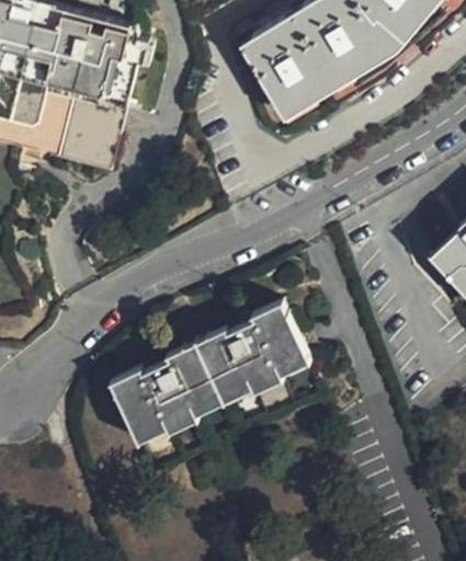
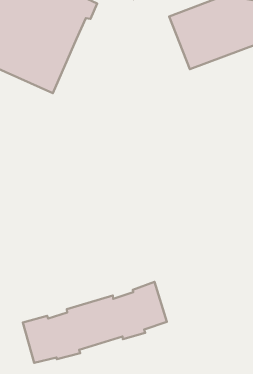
building: [116,299,308,434] -> [23,282,167,363]

